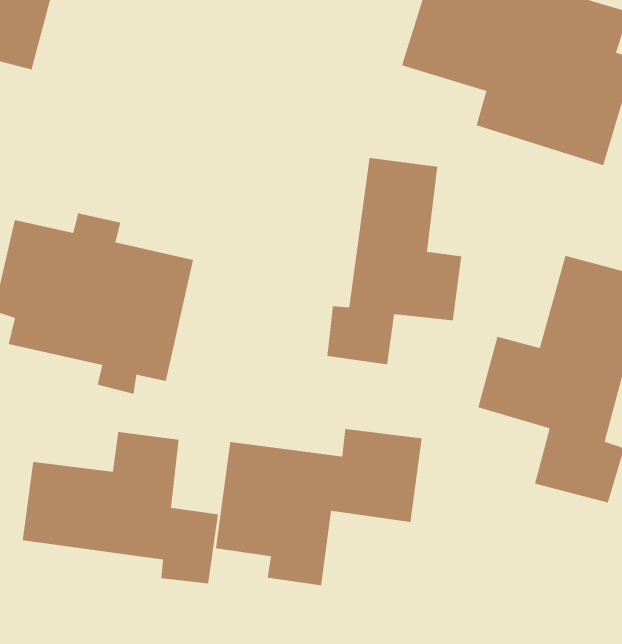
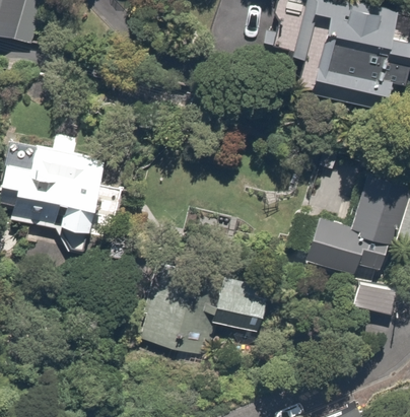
building: [327,157,462,365] -> none
building: [22,431,219,584] -> none

